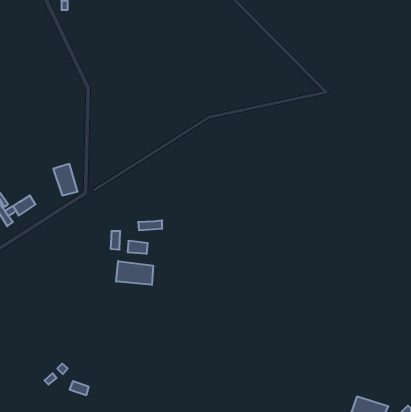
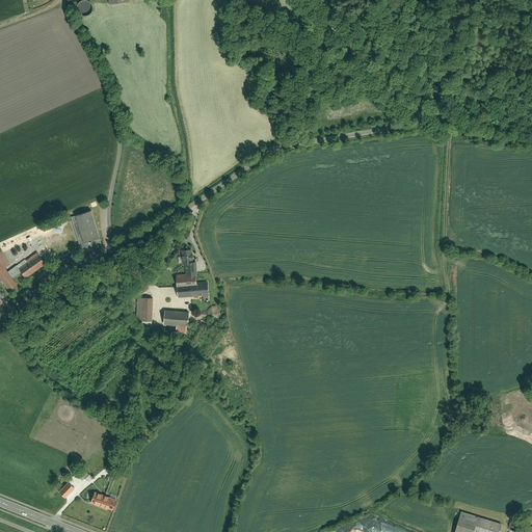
building: none -> [177,250,198,287]
building: [116,261,153,285] -> none

